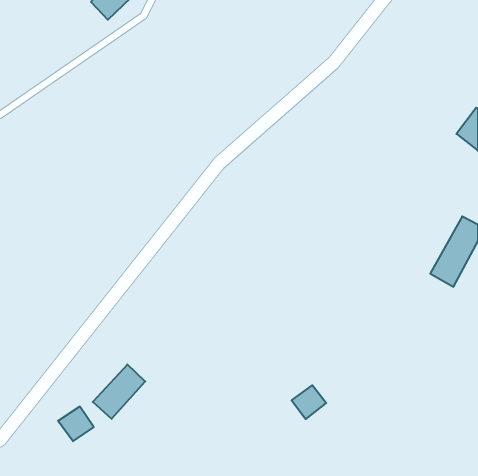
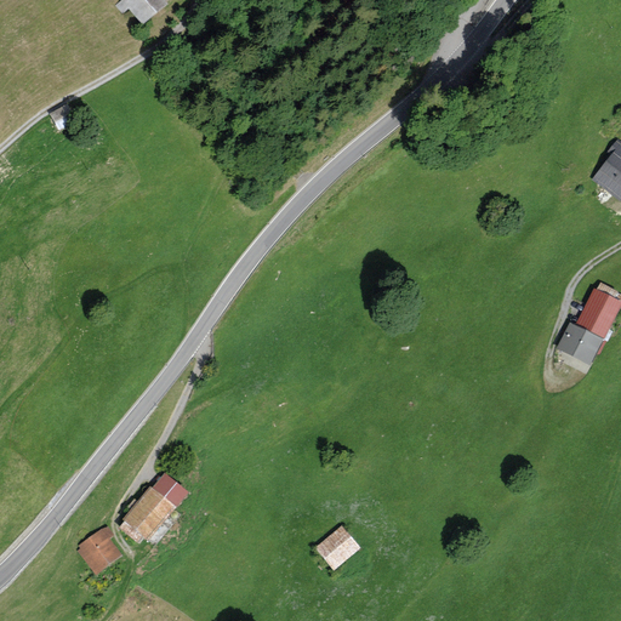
building: [292,385,326,419] -> [315,524,360,568]

